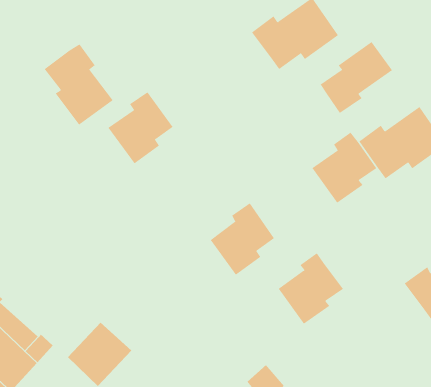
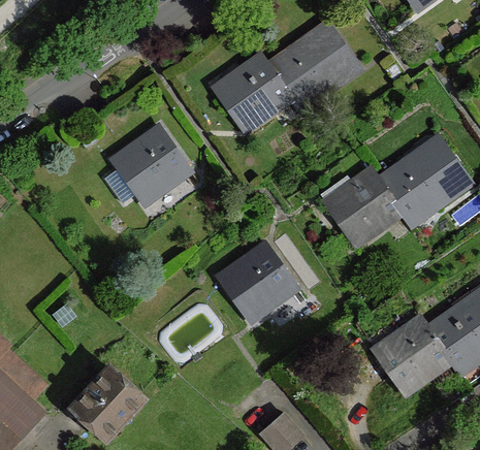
building: none -> [218,55,286,130]
building: [320,41,393,114] -> none
building: [44,43,113,126] -> none
building: [278,253,344,324] -> [378,318,447,393]

